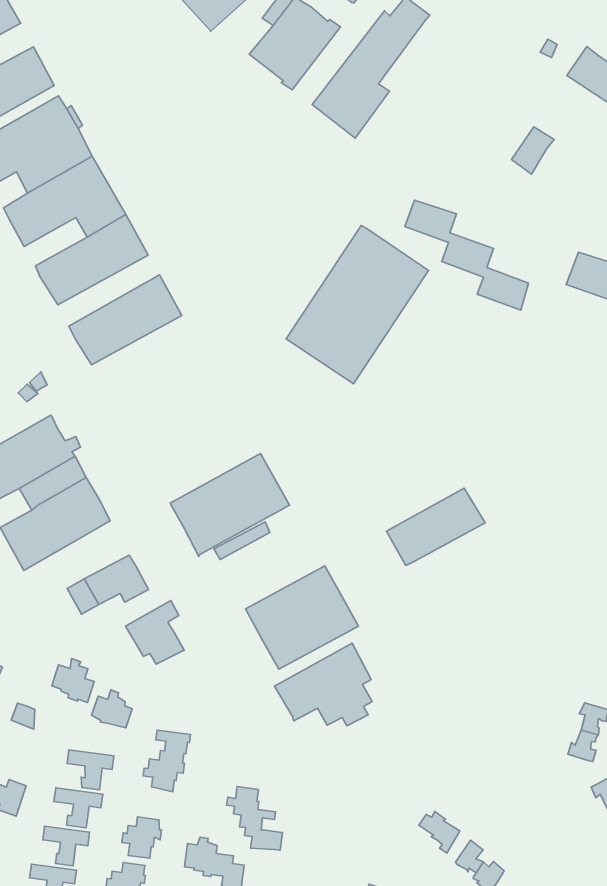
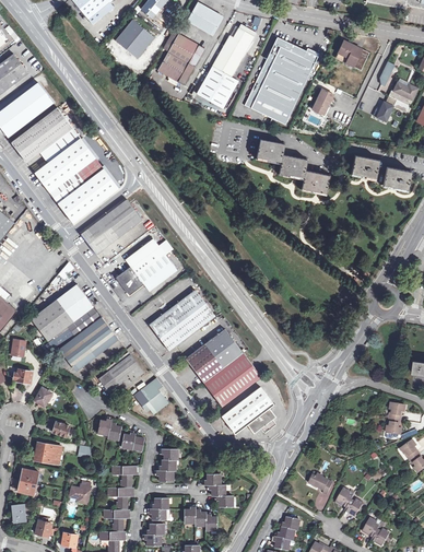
building: [286,226,429,384] -> [245,37,318,125]
building: none -> [115,239,176,296]
building: [387,488,485,566] -> [185,329,238,376]

